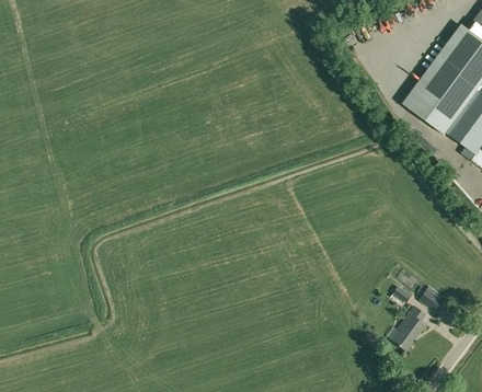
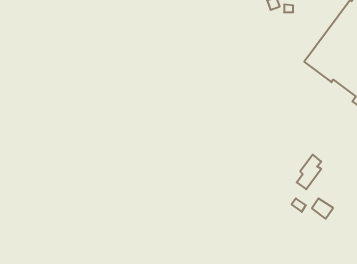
building: [393,304,425,349] -> [297,155,321,189]

